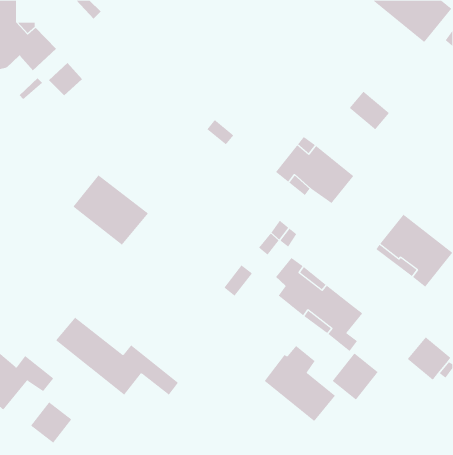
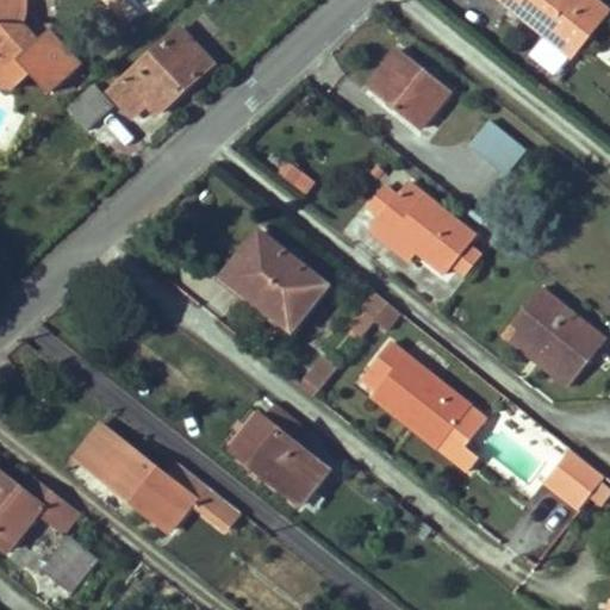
building: none -> [107,27,210,117]
building: none -> [366,50,448,130]
building: [72,174,149,246] -> [224,235,326,330]
building: [264,345,336,422] -> [230,402,326,504]
building: [332,353,379,401] -> none

